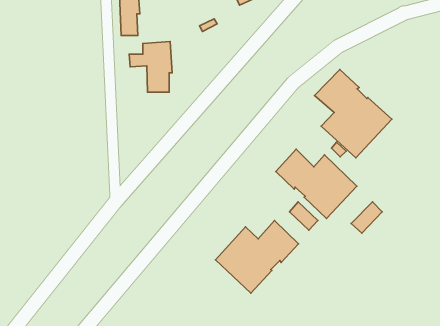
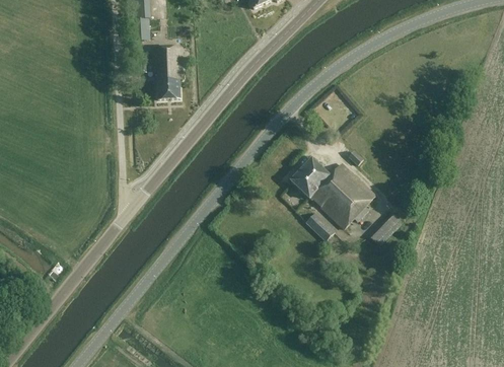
building: [315,69,392,158] -> none
building: [215,220,299,293] -> none

